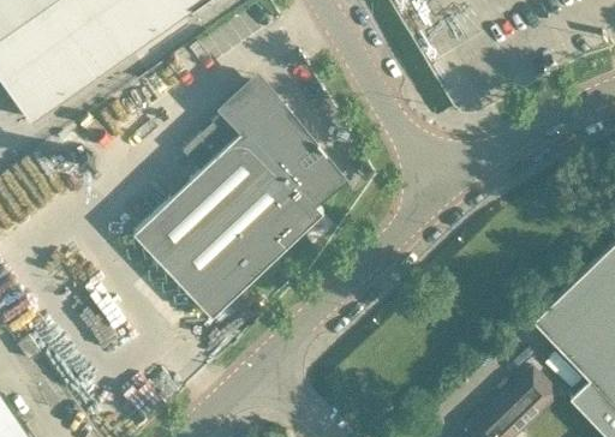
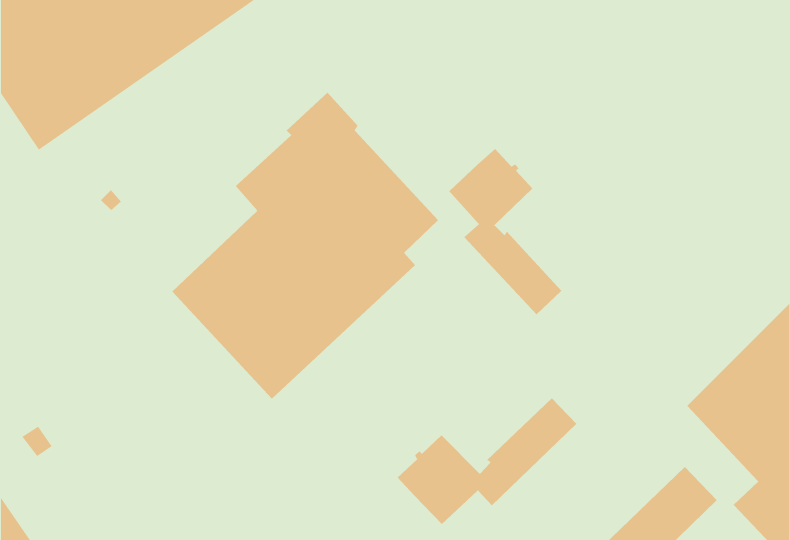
building: none -> [449,148,562,315]
building: none -> [397,398,577,525]

